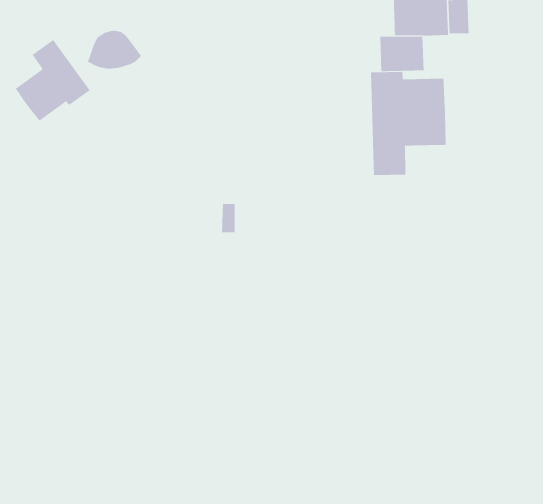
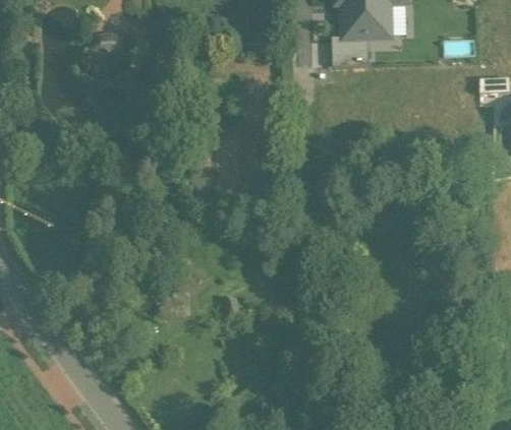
building: [15,39,91,122] -> none
building: [371,71,446,176] -> none

